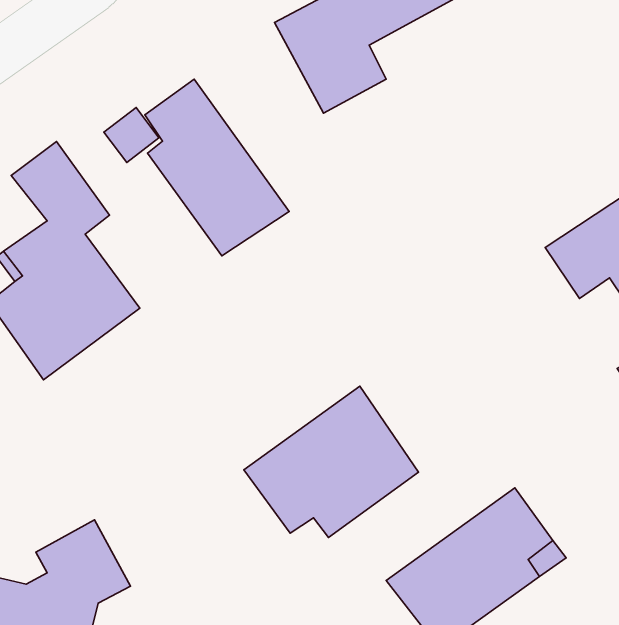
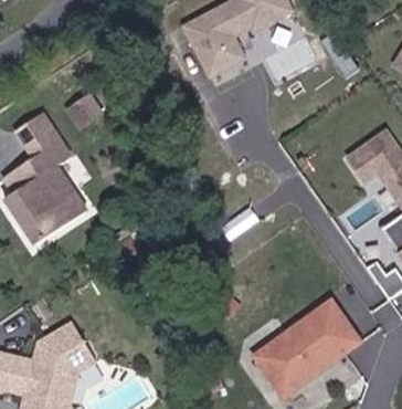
building: [145,79,289,256] -> none
building: [244,386,418,537] -> none

